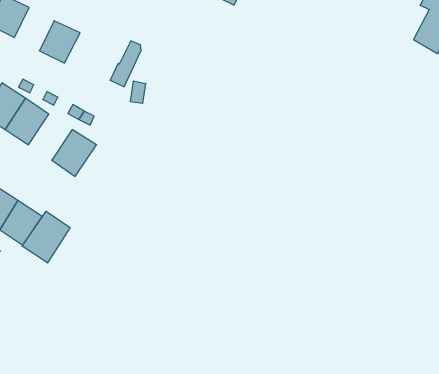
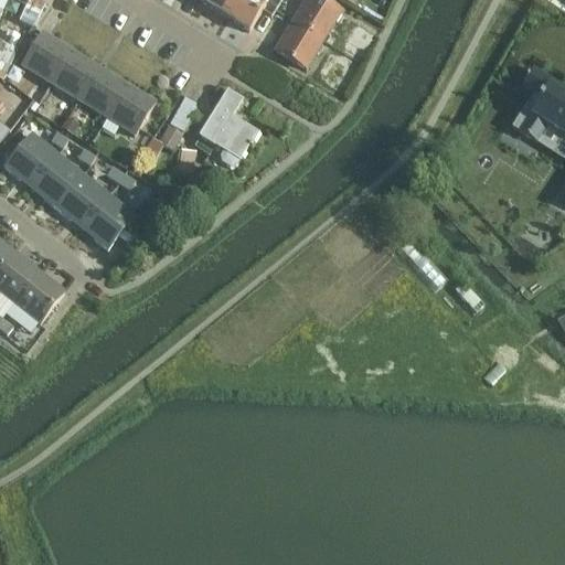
building: none -> [51,49,98,99]
building: none -> [199,88,257,166]
building: none -> [106,83,154,134]
building: none -> [56,173,108,226]
building: [22,211,70,263] -> none

